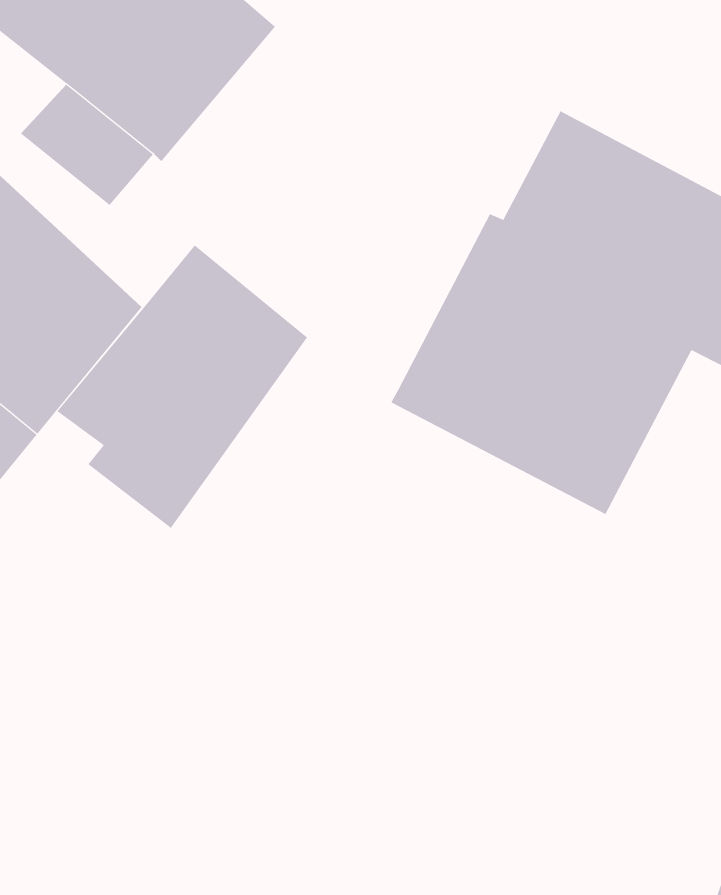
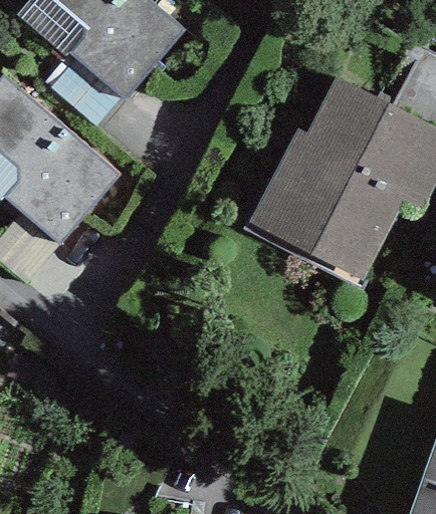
building: [57,244,308,529] -> none

